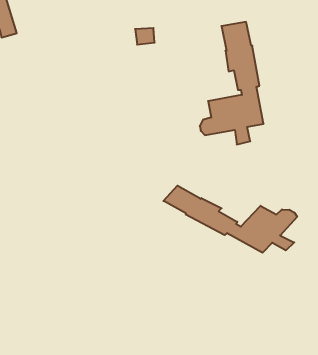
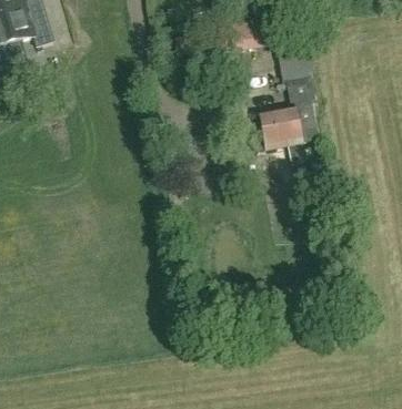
building: [163,186,297,253] -> none

